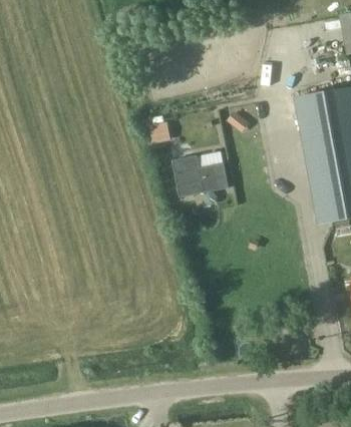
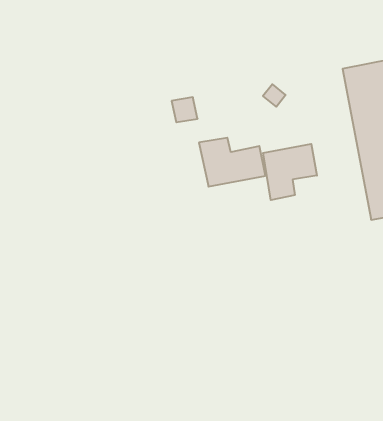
building: none -> [263,144,317,200]

